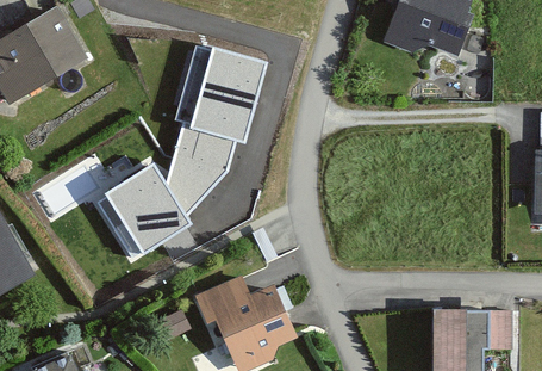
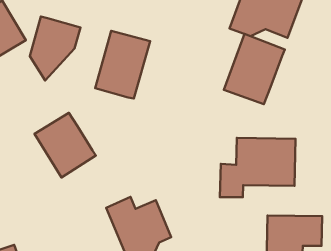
building: none -> [224,34,285,104]
building: [163,125,235,216] -> [30,17,81,81]
building: none -> [220,138,296,197]

